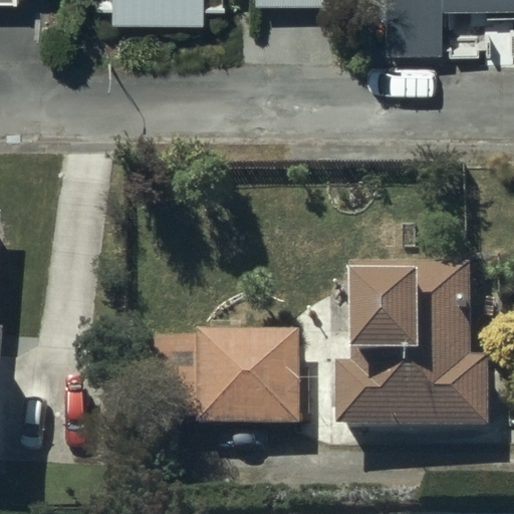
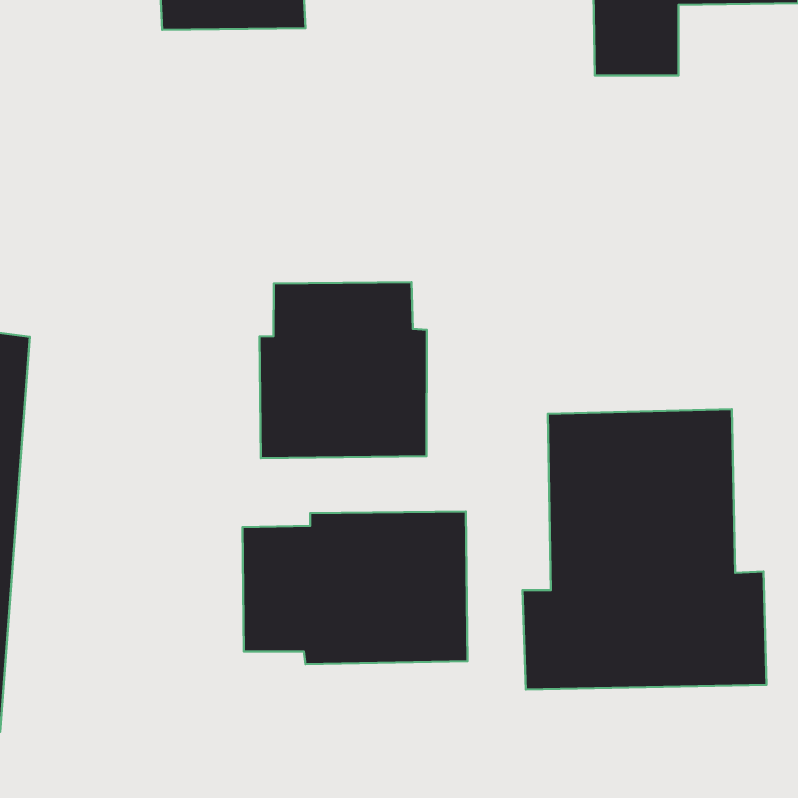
building: none -> [259,282,427,458]

